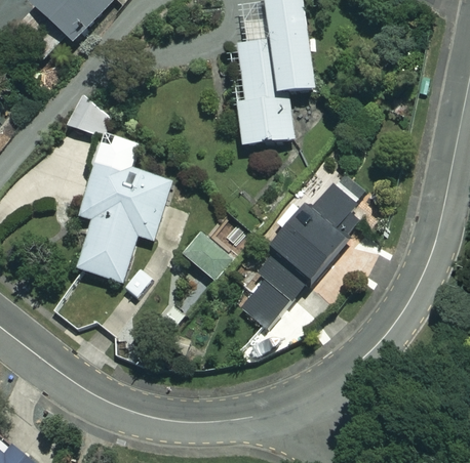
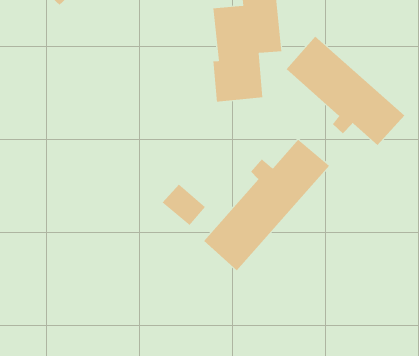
building: none -> [286,36,405,146]
building: [78,133,171,282] -> none

